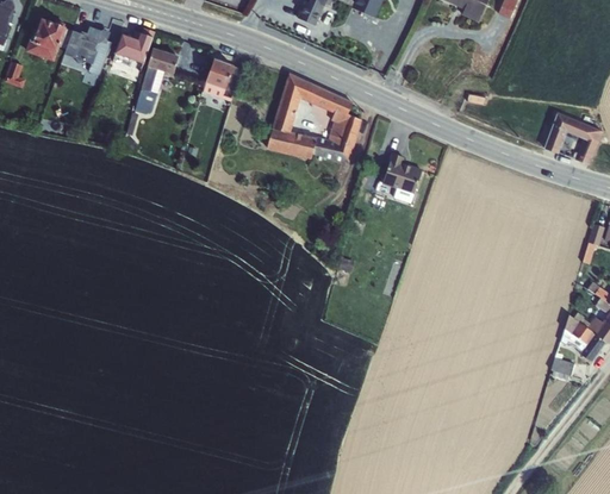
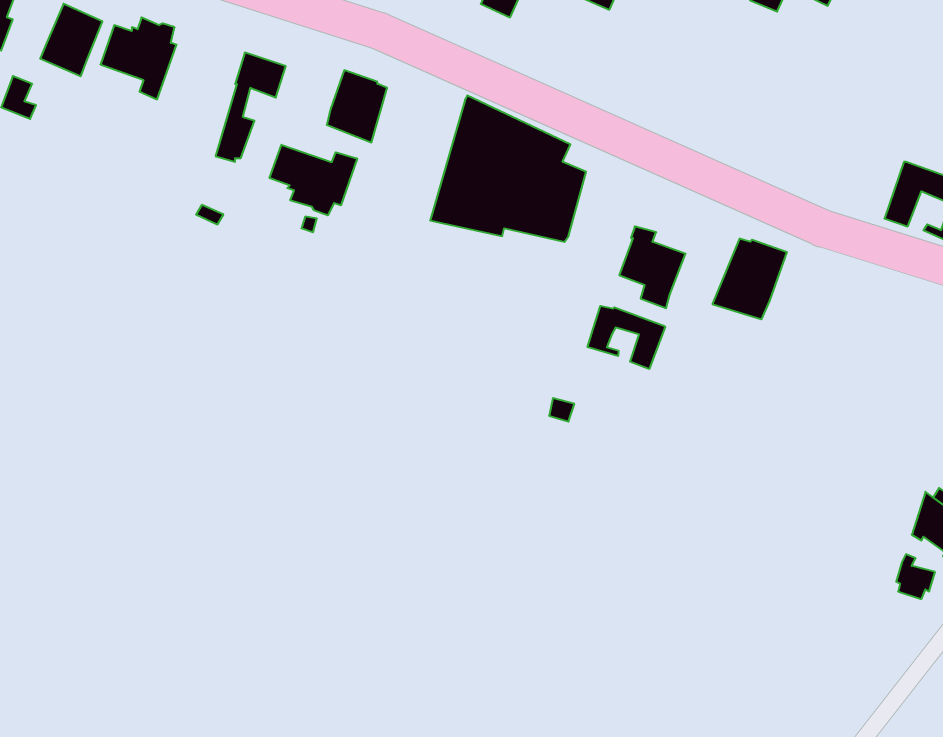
building: [112,26,154,70] -> none
building: none -> [270,145,357,215]
building: none -> [713,238,787,319]
building: none -> [587,306,665,369]

